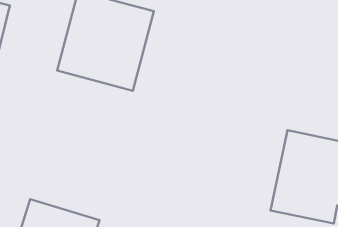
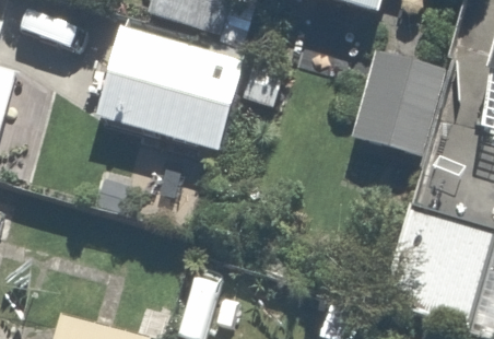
building: none -> [339,38,455,163]

